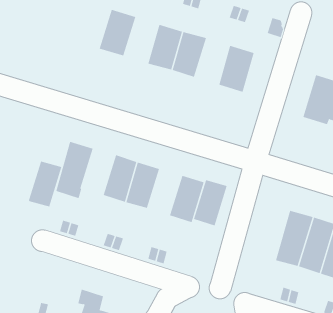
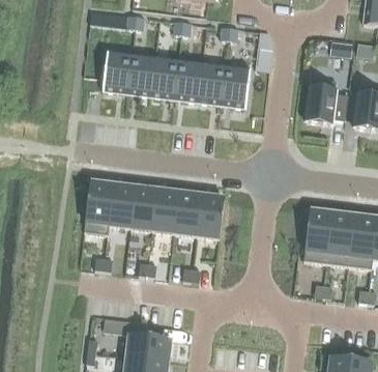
building: none -> [127,53,155,95]
building: none -> [198,61,226,104]
building: [28,161,62,207] -> [109,184,136,227]
building: [193,180,228,226] -> [175,193,202,235]

